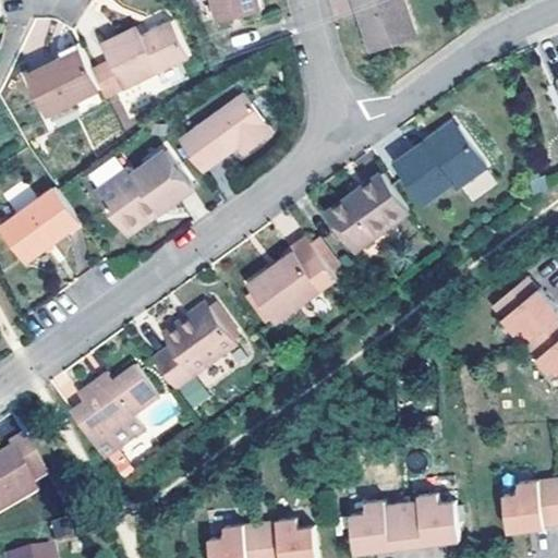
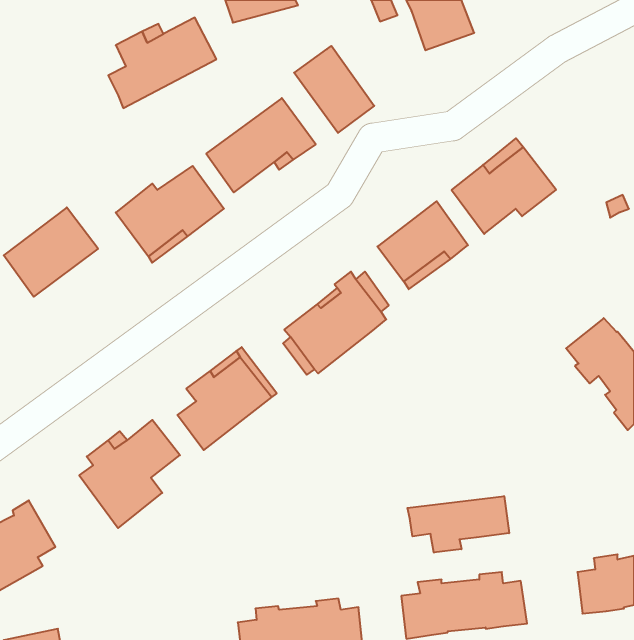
building: none -> [294,46,374,133]
building: [28,46,102,112] -> none
building: none -> [407,496,509,553]

